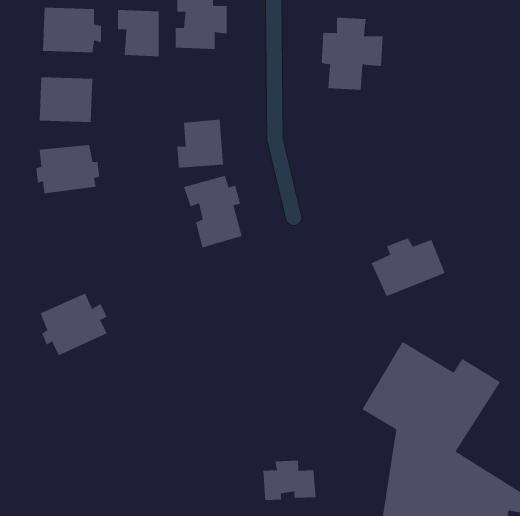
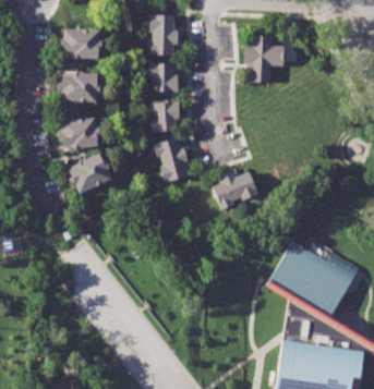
building: [117,9,160,57] -> [149,63,177,94]
building: [371,238,445,297] -> [210,171,258,209]
building: [40,293,108,356] -> [69,155,112,195]
building: [263,460,316,501] -> none

